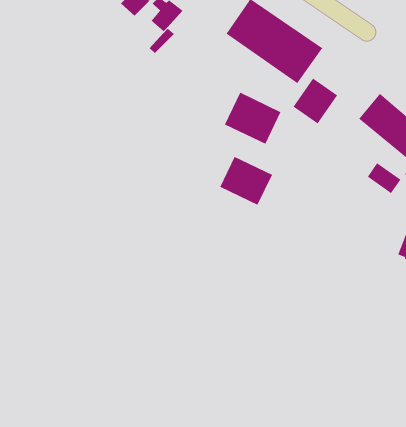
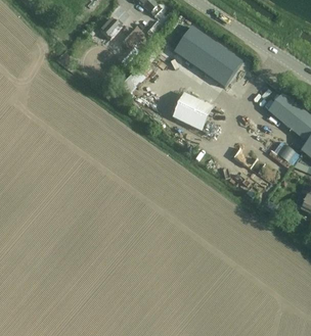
building: [293,77,338,125] -> none
building: [219,156,273,206] -> none

